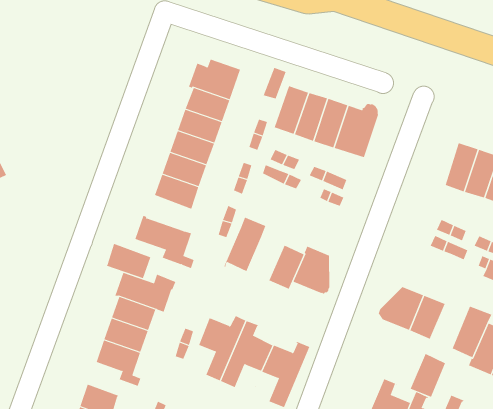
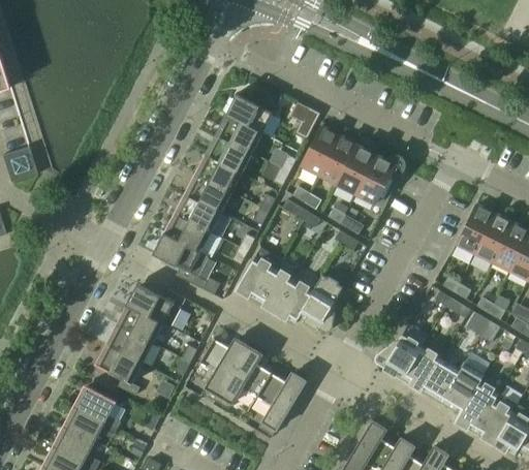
building: none -> [255,268,294,311]
building: [106,243,151,279] -> [166,214,211,252]
building: [410,353,446,398] -> [422,357,460,401]

